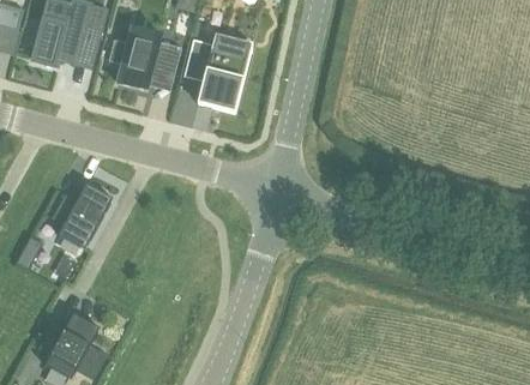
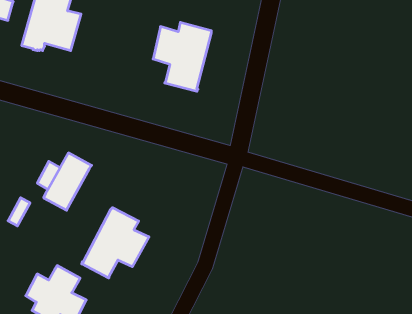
building: [116,26,181,90] -> none
building: none -> [82,208,149,278]

